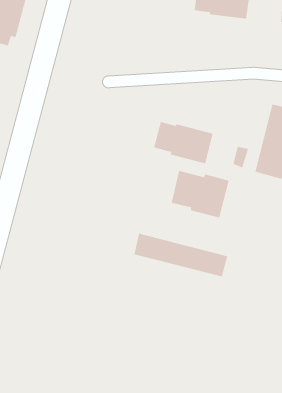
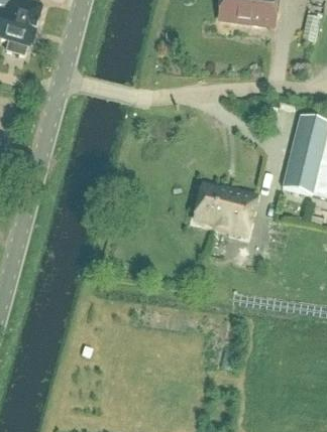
building: [154,121,213,164] -> none
building: [134,233,228,277] -> none

